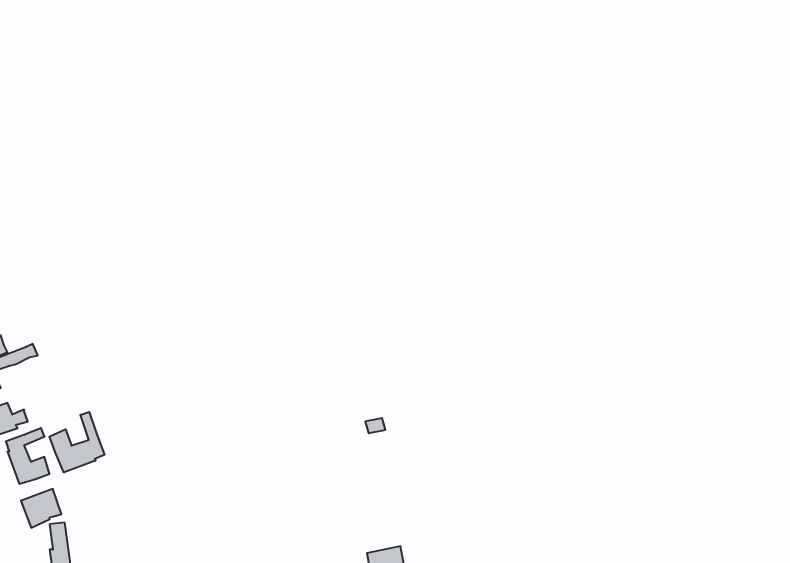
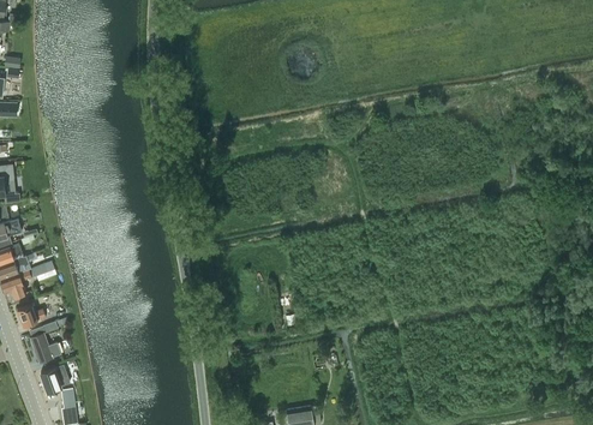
building: [49,412,104,472] -> none

